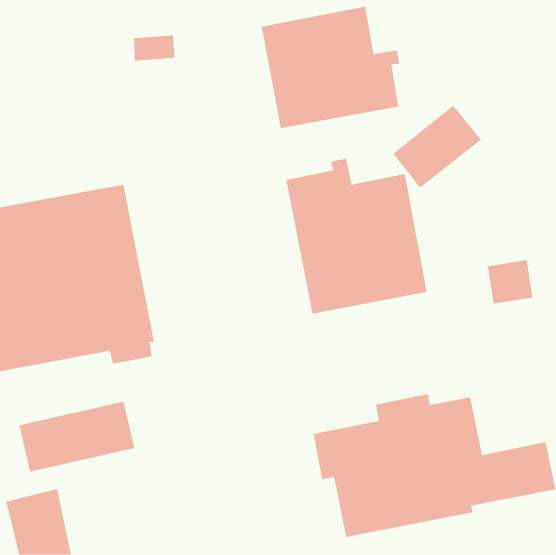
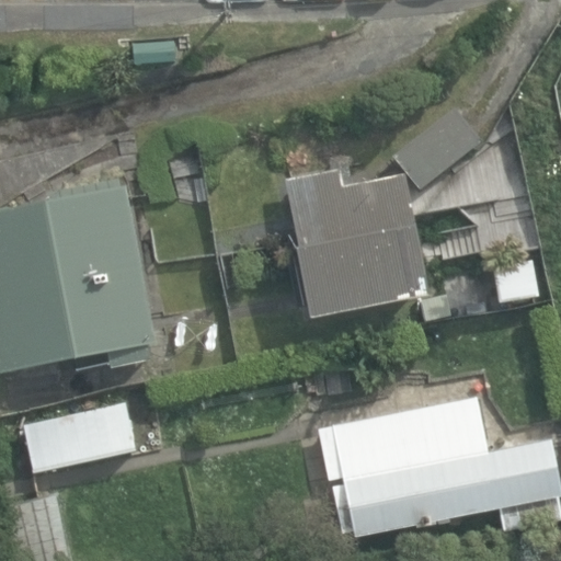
building: [261,6,400,129] -> none

